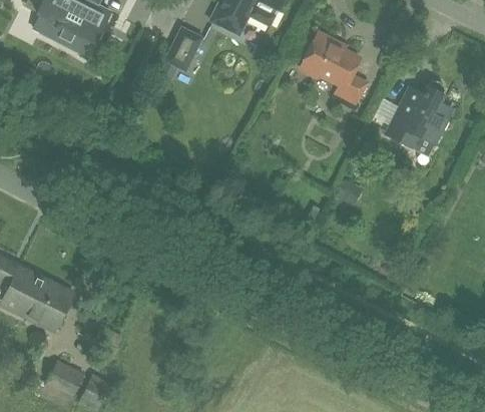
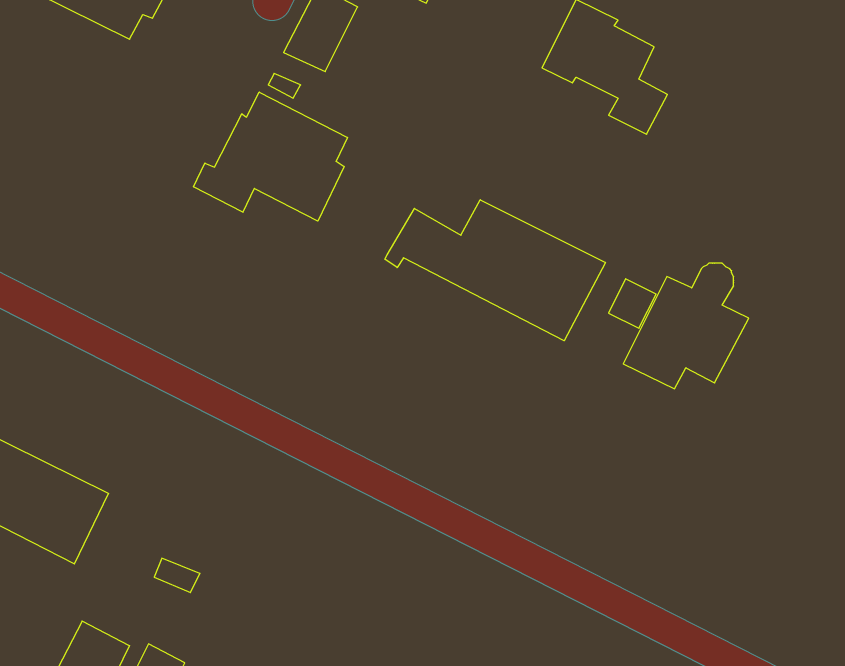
building: [386,81,452,147] -> [623,263,749,389]
building: none -> [194,92,347,221]
building: none -> [385,200,605,341]

